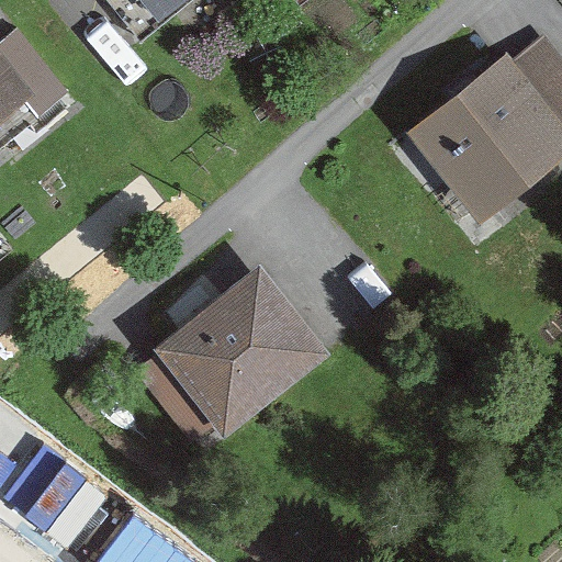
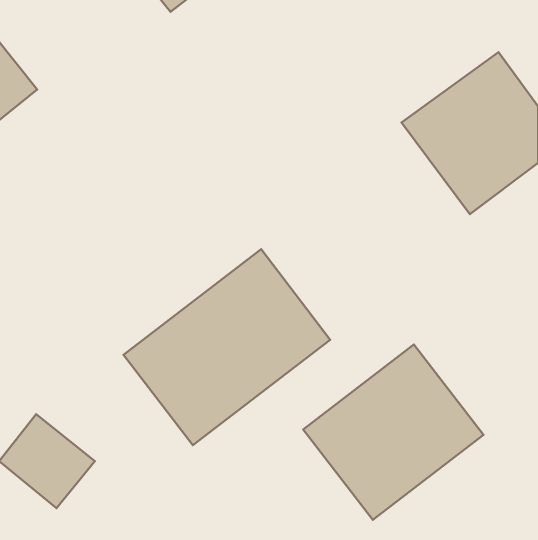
building: none -> [303,345,484,520]

